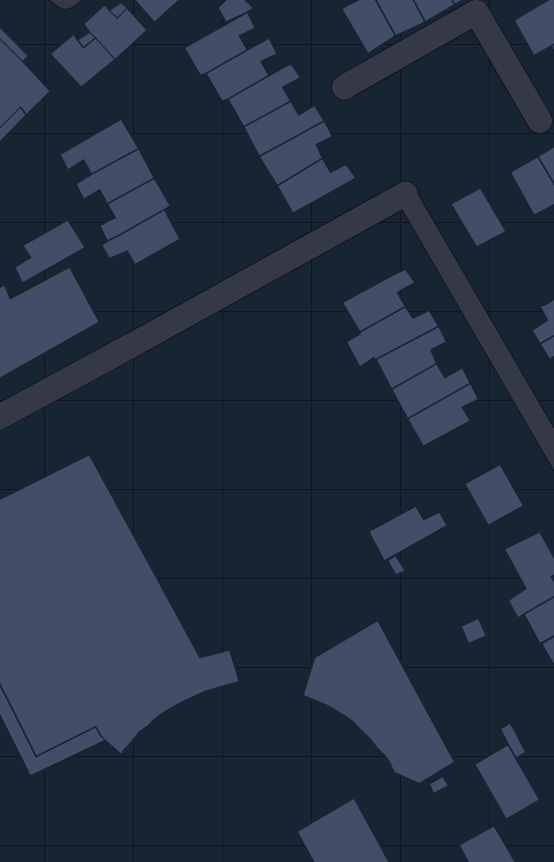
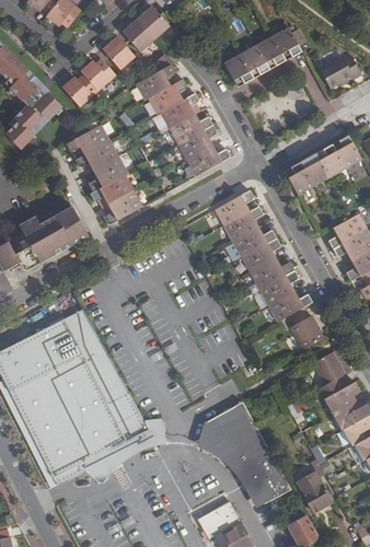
building: none -> [299,152,328,185]
building: [15,220,86,283] -> [103,189,142,224]
building: none -> [213,189,253,224]
building: [369,506,447,561] -> [267,290,311,321]

